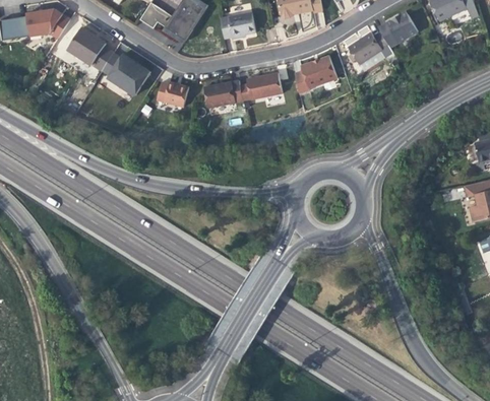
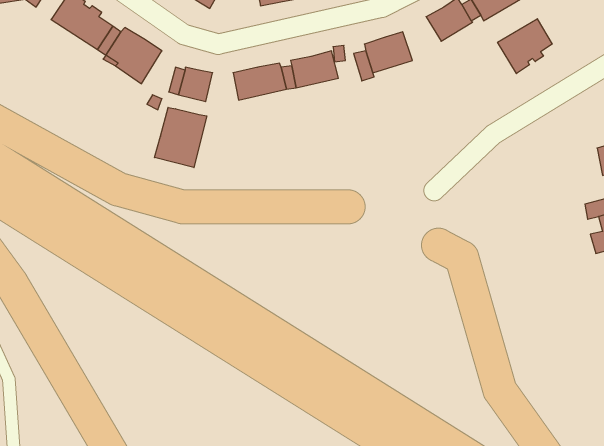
building: none -> [498,19,552,74]
building: none -> [155,107,207,168]

